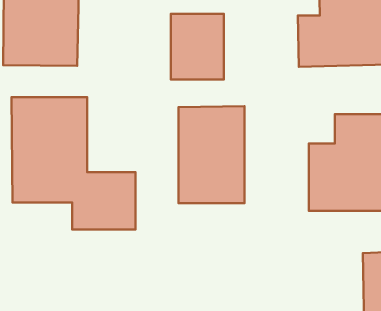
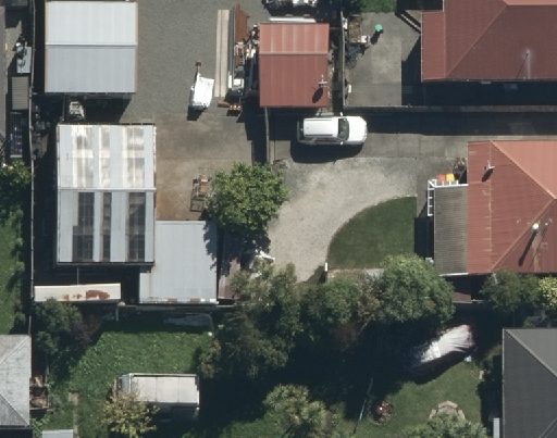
building: [179,106,245,203] -> none

